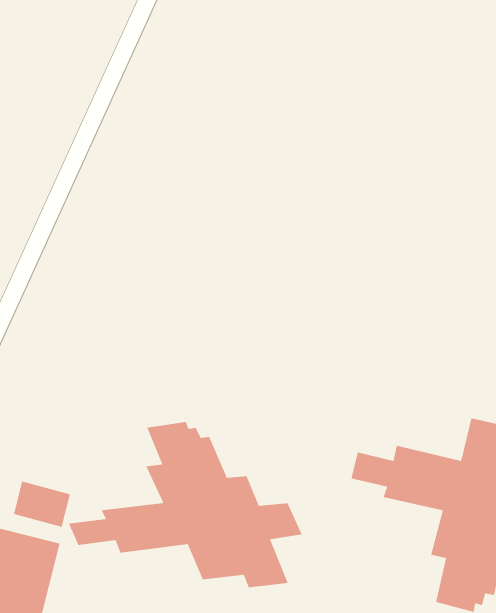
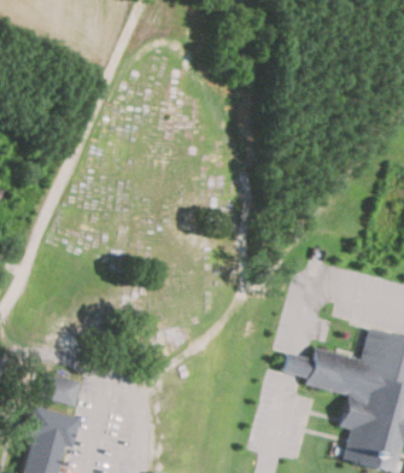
building: [68,421,303,588] -> none

